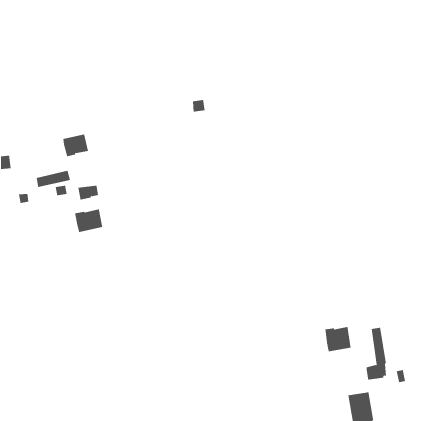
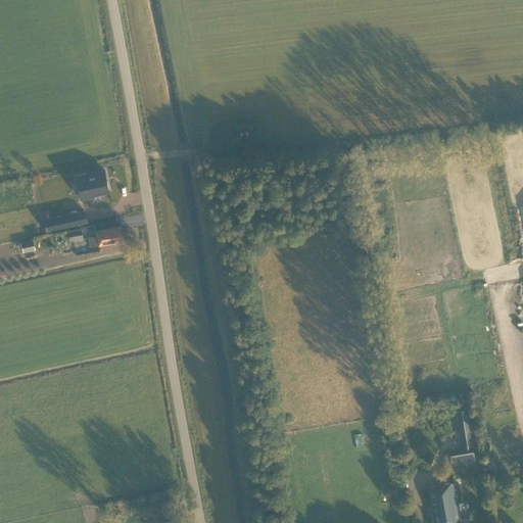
building: [75,208,103,233] -> none
building: [325,326,351,352] -> none

